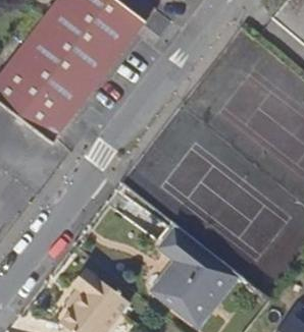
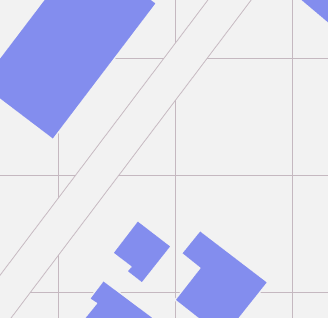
building: none -> [113,221,171,283]

